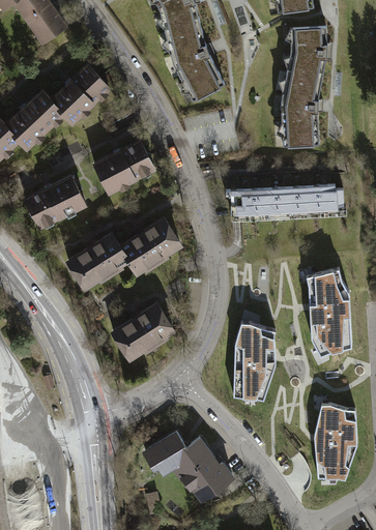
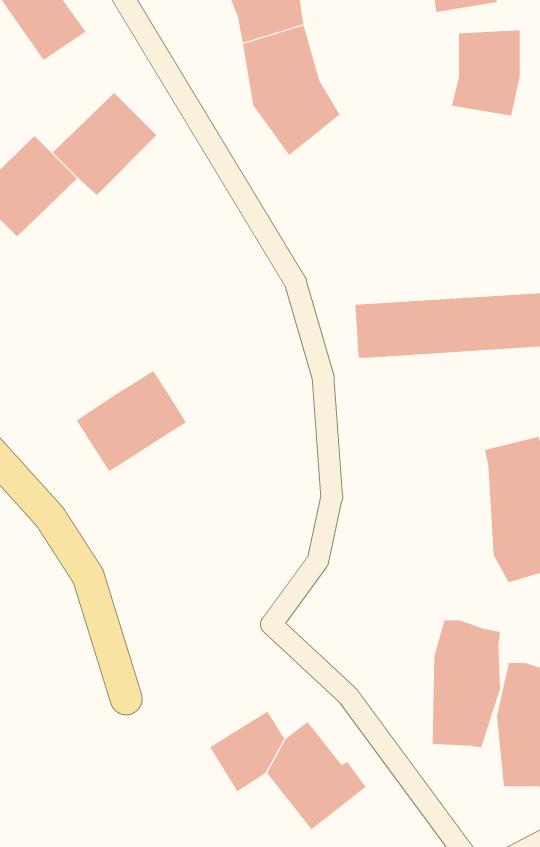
building: [281,71,323,149] -> none
building: [92,138,156,195] -> none
building: [23,174,86,231] -> none
building: [118,215,183,275] -> none
building: [109,299,177,360] -> none
building: [234,324,276,401] -> [432,620,501,748]

